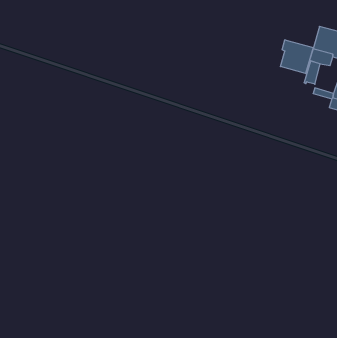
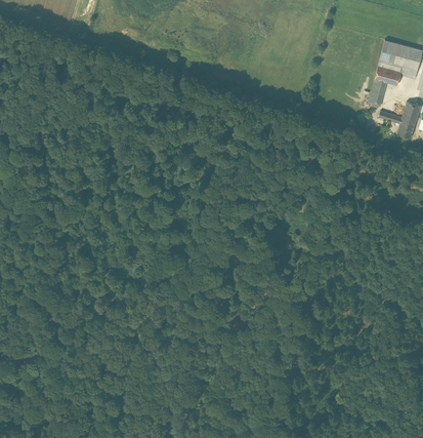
building: [280,40,313,74] -> none

